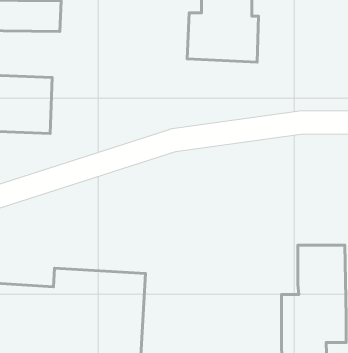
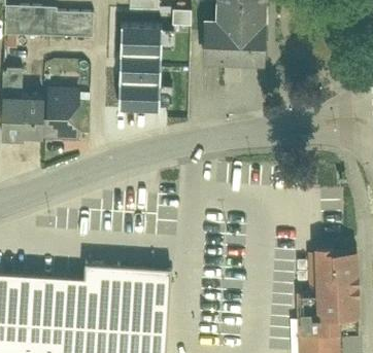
building: none -> [116,25,160,109]

